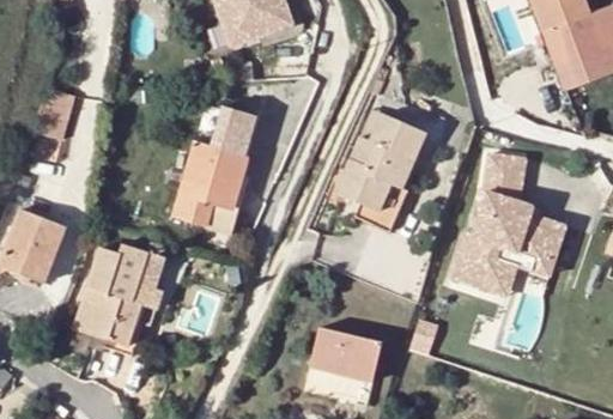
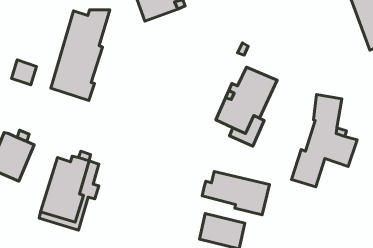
building: [175,99,262,233] -> [51,10,110,100]
building: [484,220,563,297] -> none
building: none -> [202,171,270,215]

